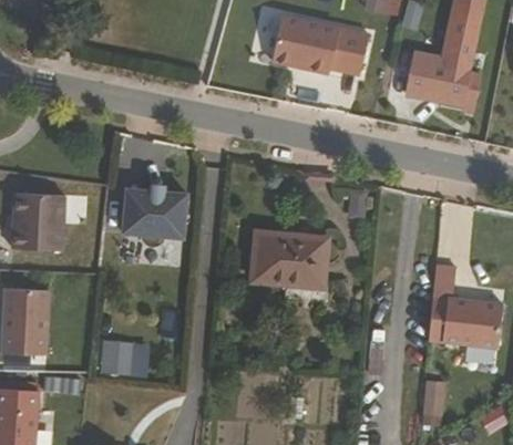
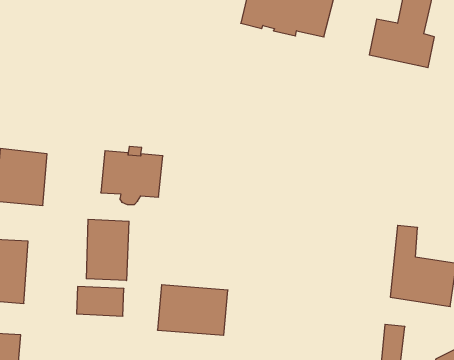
building: [256,231,330,284] -> [157,285,228,335]
building: none -> [86,219,129,281]

